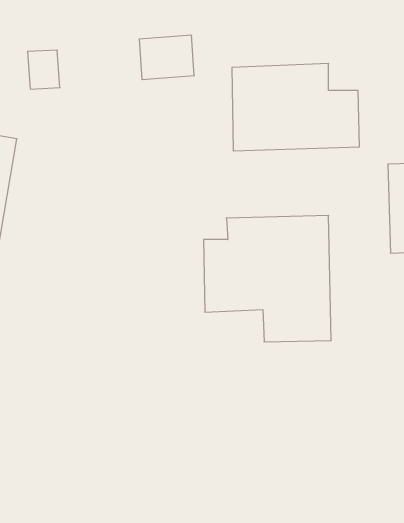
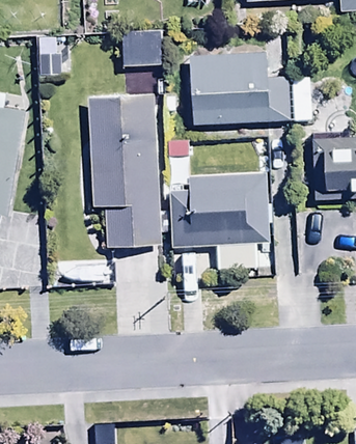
building: none -> [89,92,162,248]

